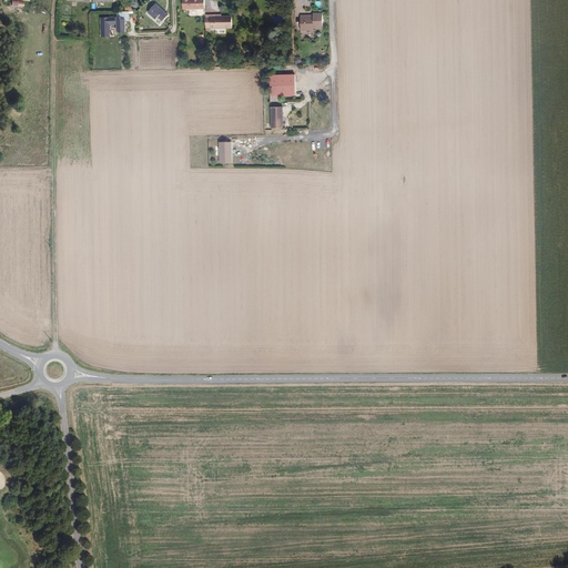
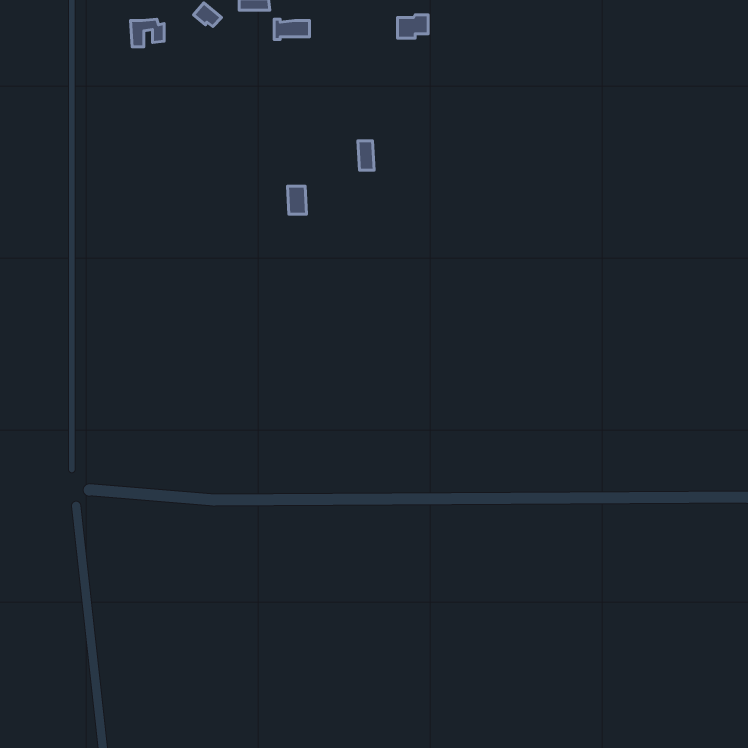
building: [271,73,296,97] -> none

